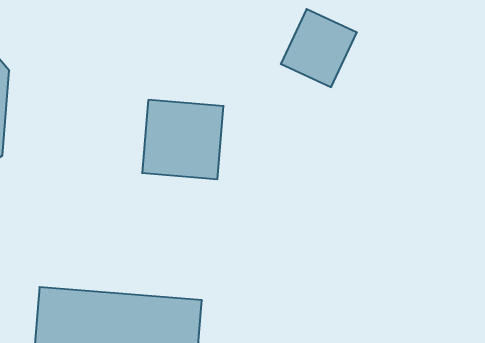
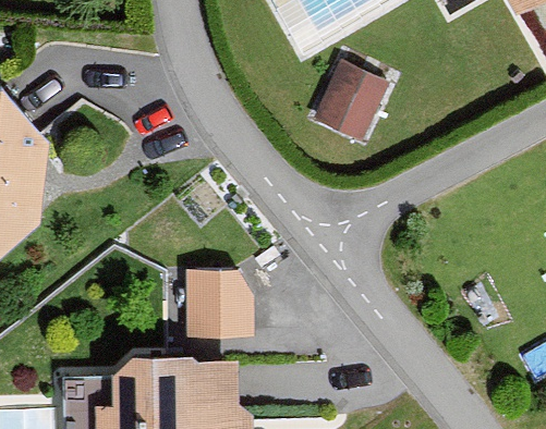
building: [142,100,224,179] -> [173,270,252,346]

